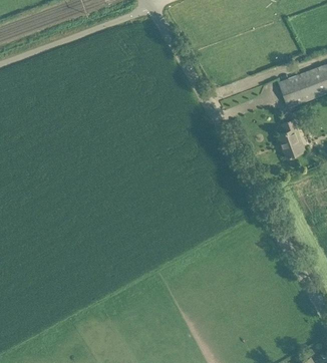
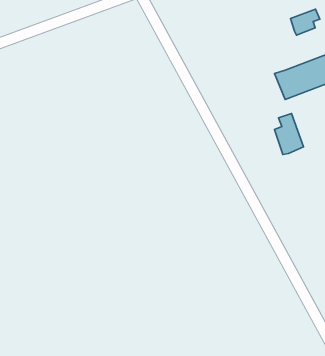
building: none -> [290,9,320,35]

